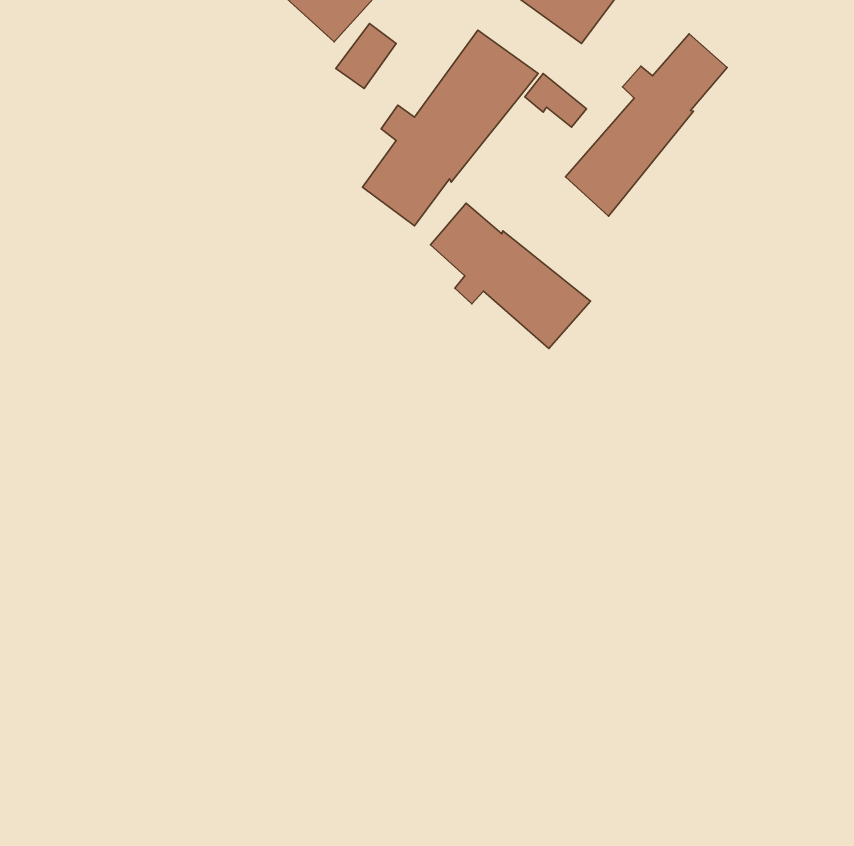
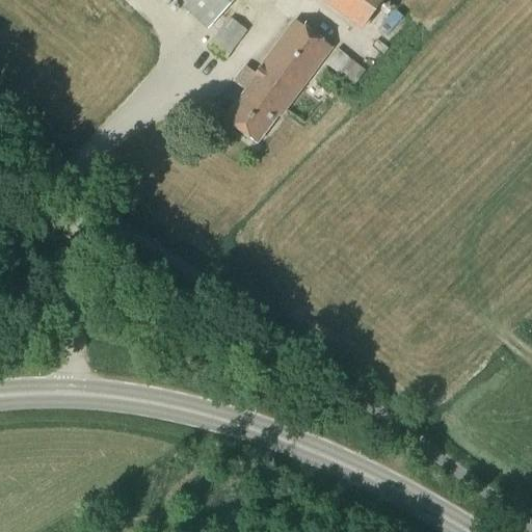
building: [566,34,727,216] -> none
building: [430,203,590,348] -> none

